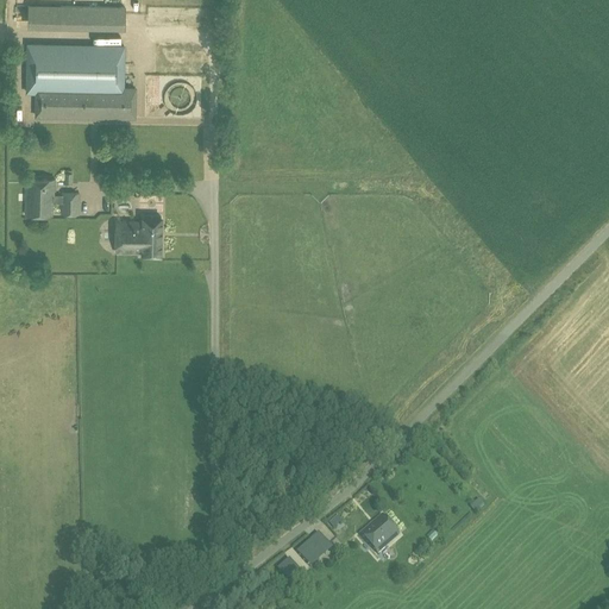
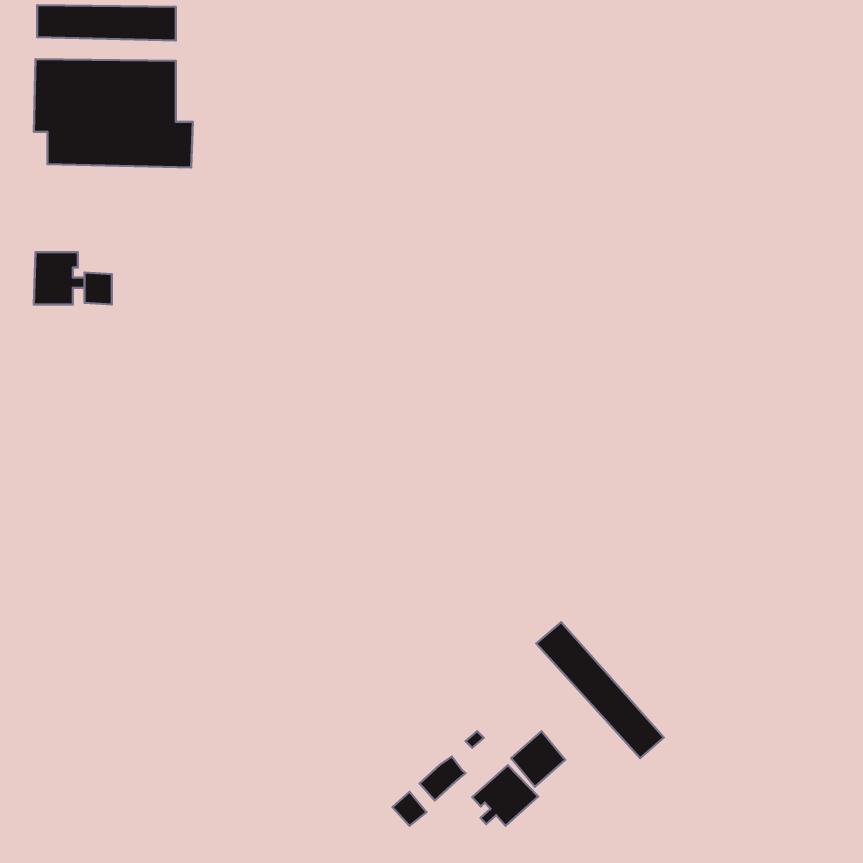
building: [114,215,159,255] -> none
building: none -> [536,622,664,758]
building: none -> [472,765,538,826]

